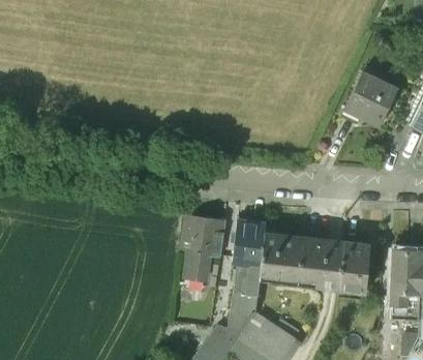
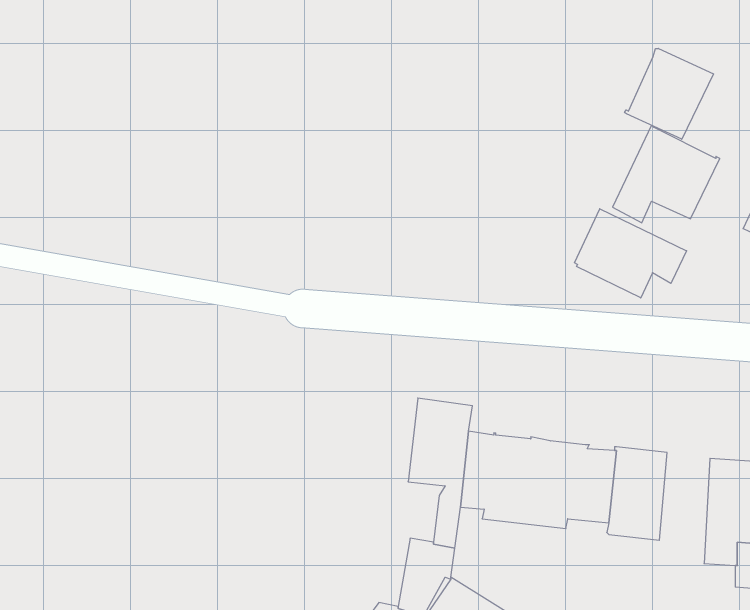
building: none -> [625,48,714,139]
building: none -> [574,209,687,298]
building: [180,216,225,278] -> none

